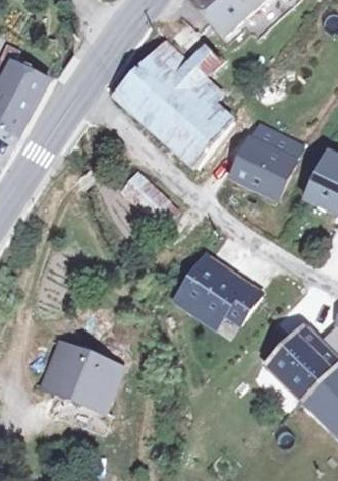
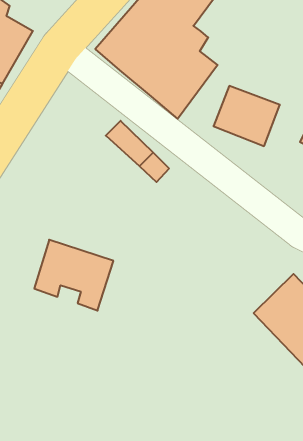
building: [173,259,262,344] -> none
building: [45,350,121,418] -> [34,240,113,311]

